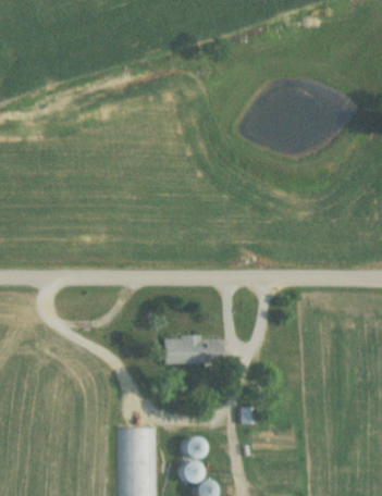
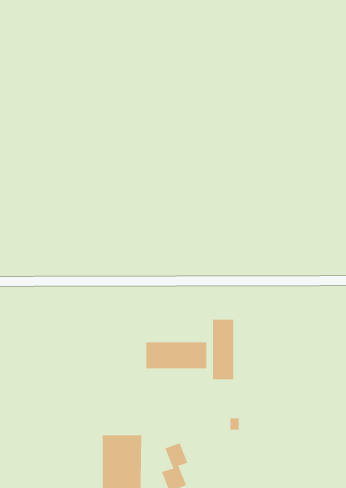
building: none -> [212,319,234,380]

